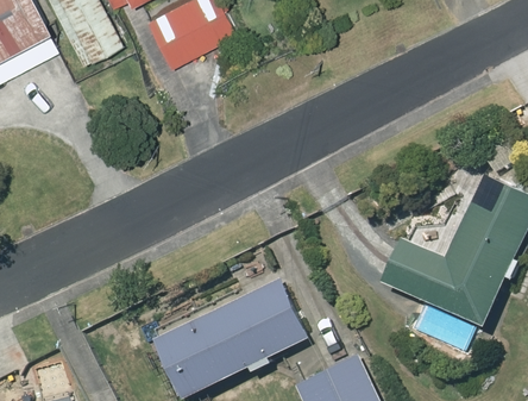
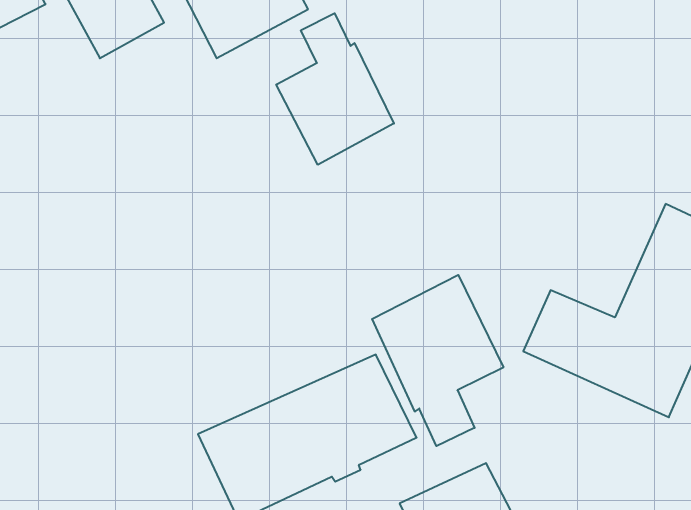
building: none -> [276,13,394,165]
building: none -> [372,275,503,446]

